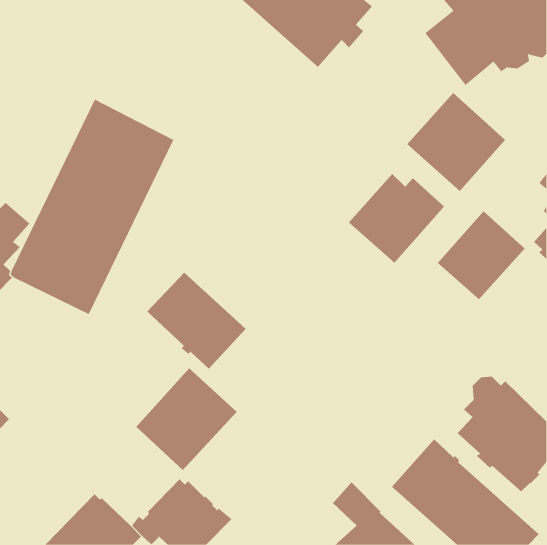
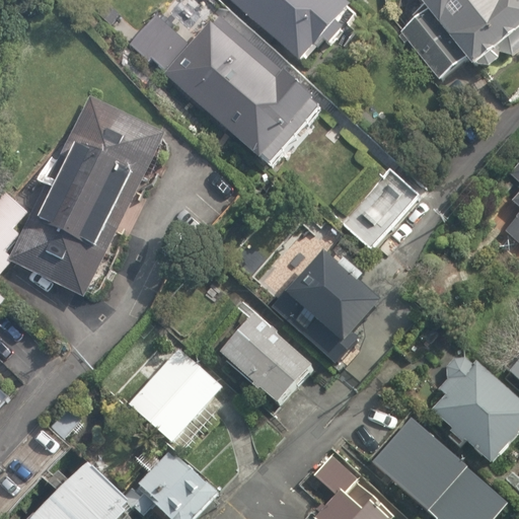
building: none -> [129,12,321,164]
building: [406,92,506,192] -> none
building: [437,210,526,300] -> none
building: none -> [275,251,383,365]
building: [147,272,247,370] -> [220,314,314,406]

